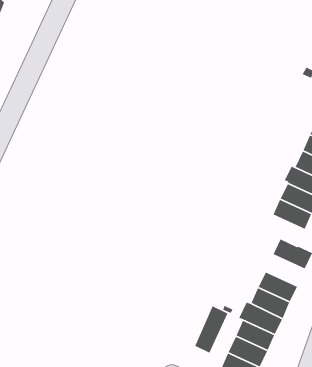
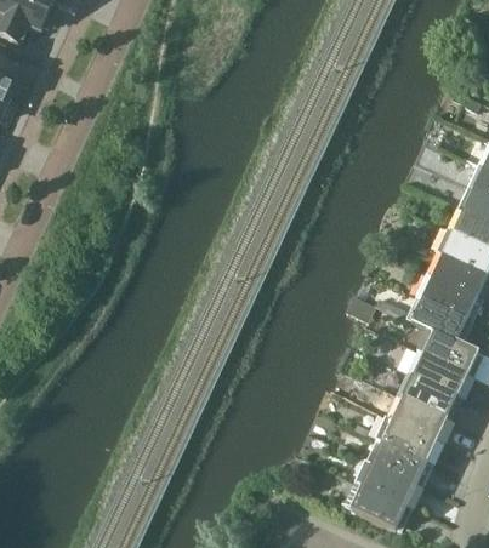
building: none -> [413,297,468,341]
building: none -> [414,352,468,395]
building: [194,305,228,354] -> none

